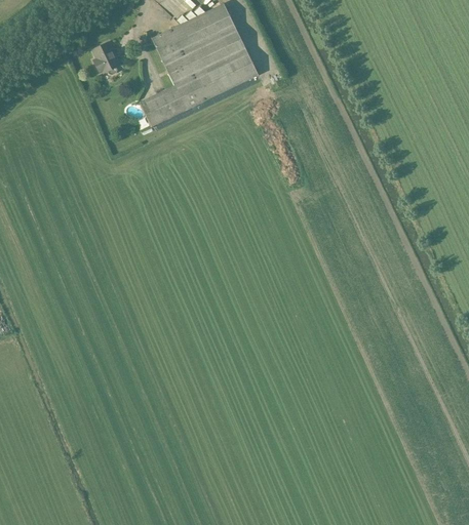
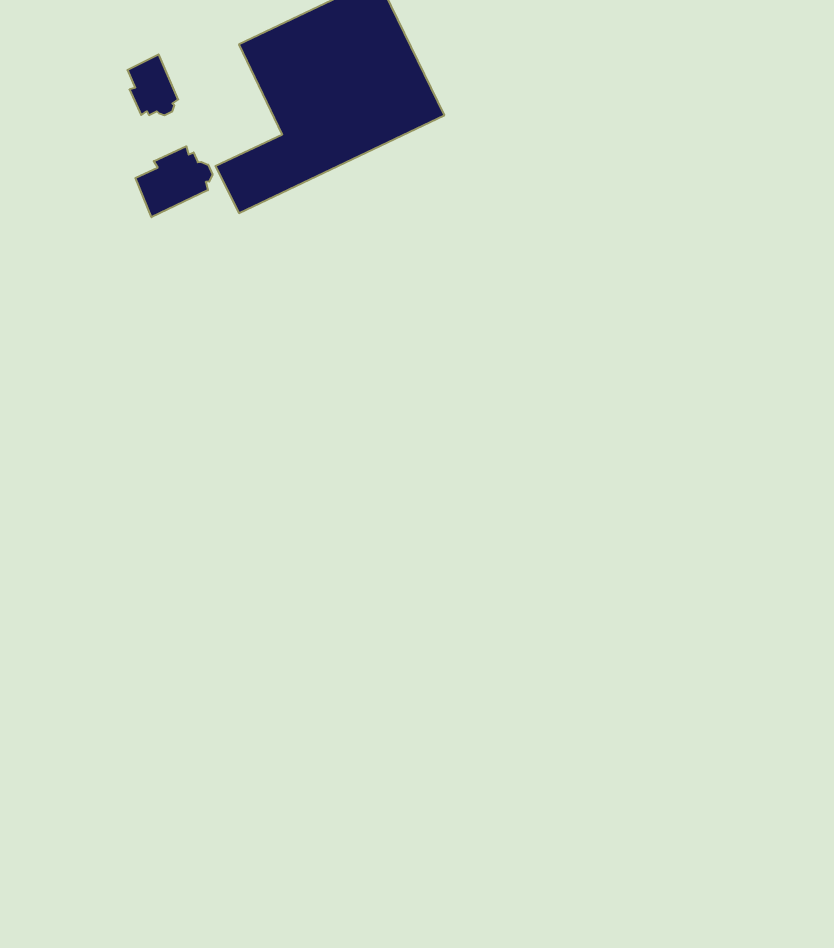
building: none -> [135,146,212,217]

